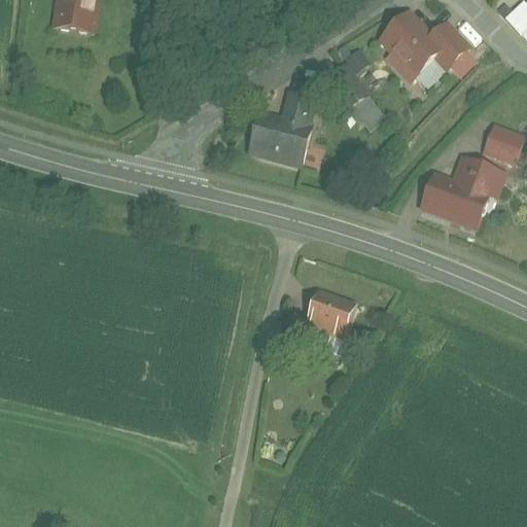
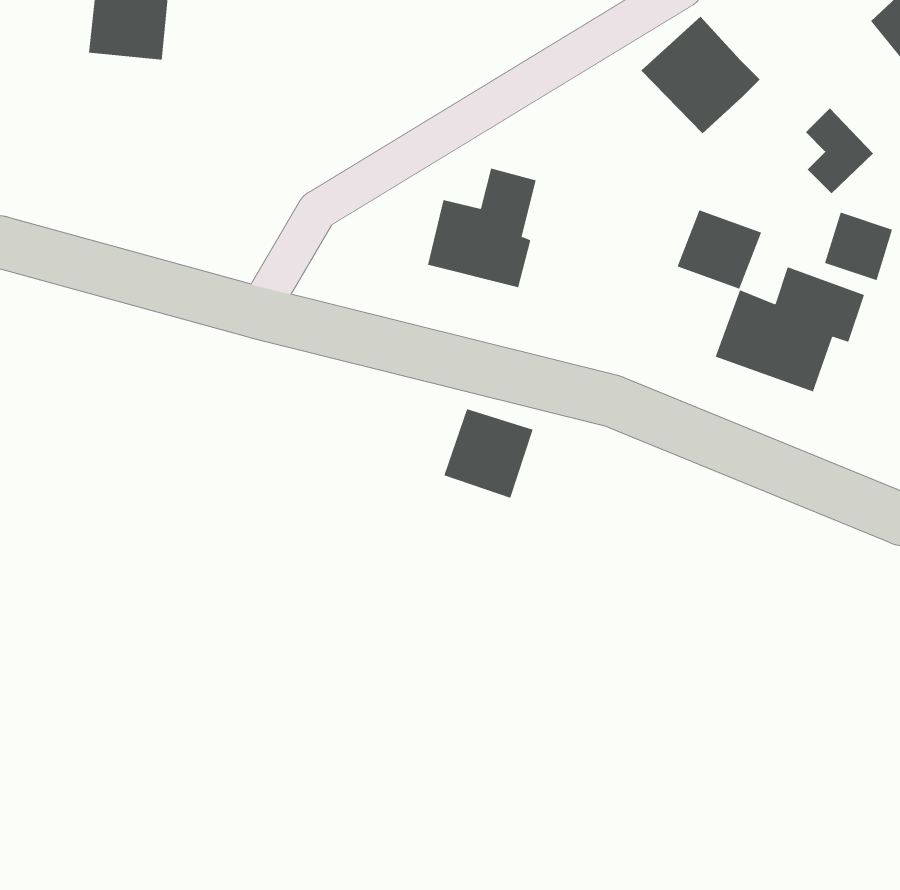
building: [433,21,473,71] -> [805,108,874,194]
building: none -> [677,209,762,290]
building: [305,289,357,342] -> [444,408,534,499]

